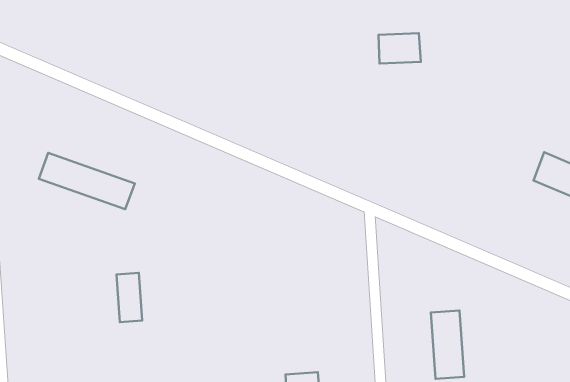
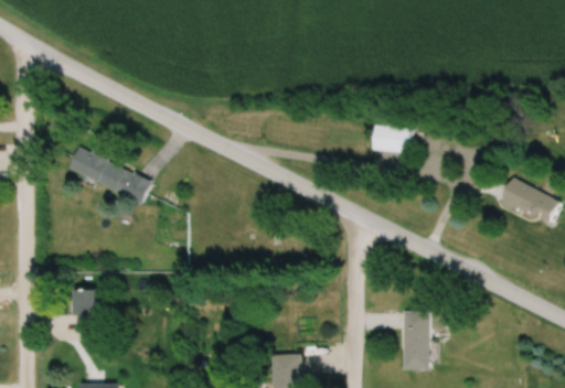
building: [379,33,421,64] -> [373,126,409,152]
building: [116,273,142,322] -> [75,290,95,332]

